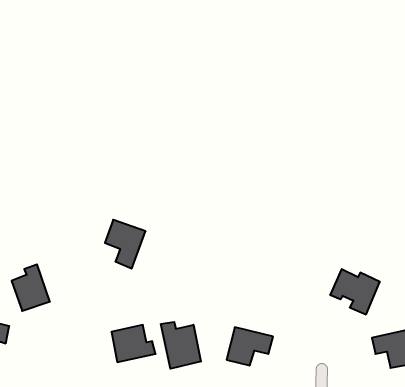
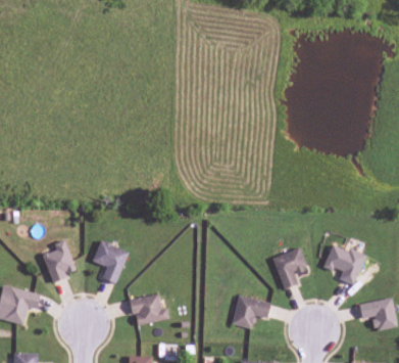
building: [105,220,146,269] -> [93,240,129,283]
building: none -> [271,246,308,288]
building: [161,322,201,369] -> none

